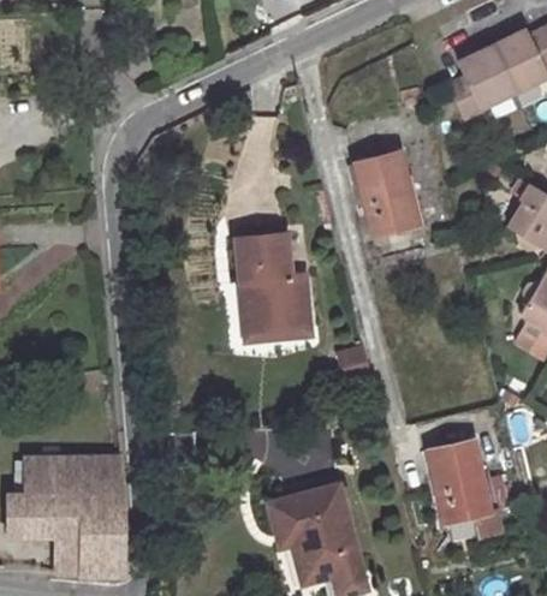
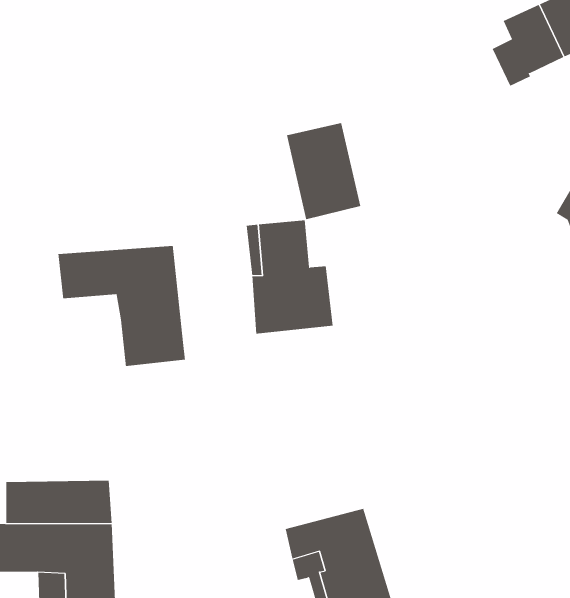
building: [356,153,421,237] -> [286,123,361,220]
building: none -> [58,245,186,367]
building: [429,440,501,538] -> none

